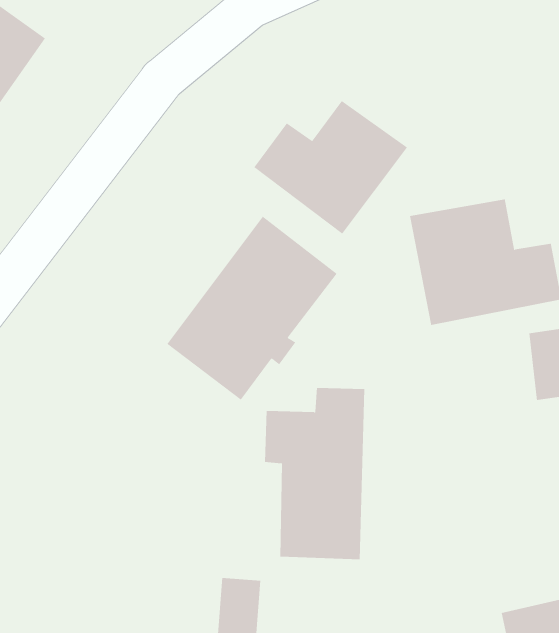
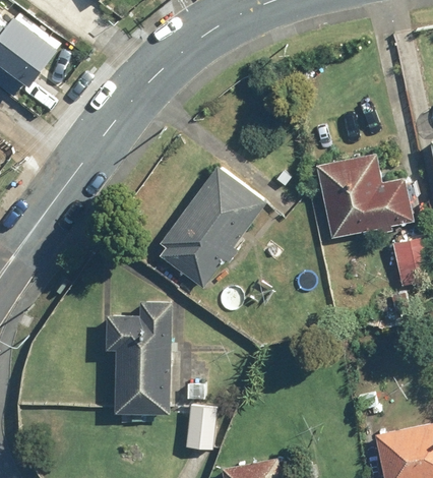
building: [253,100,408,235] -> none
building: [264,387,365,560] -> [106,297,173,412]

